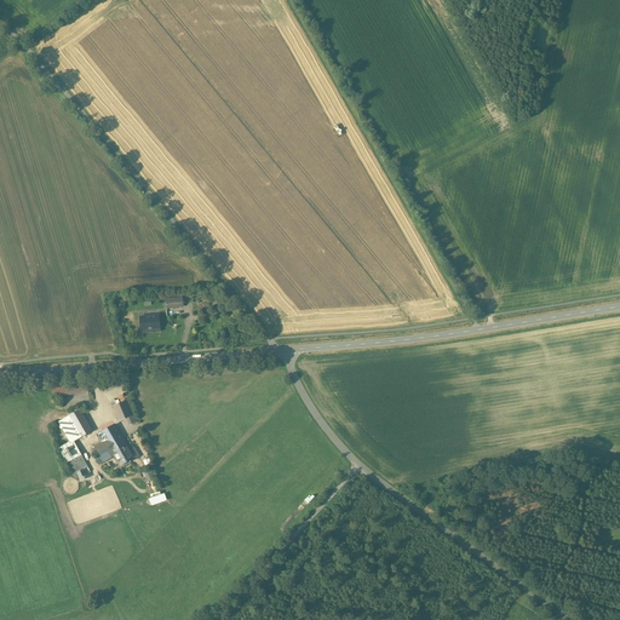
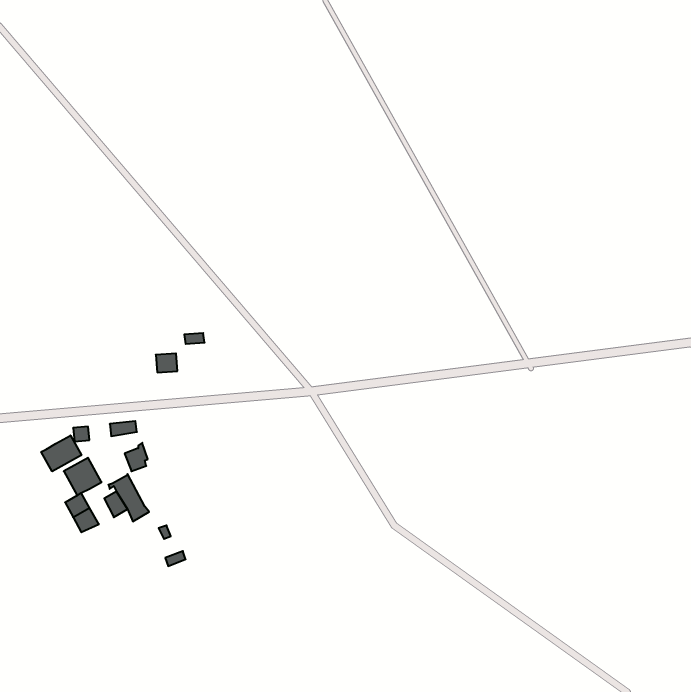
building: none -> [41,435,81,471]

